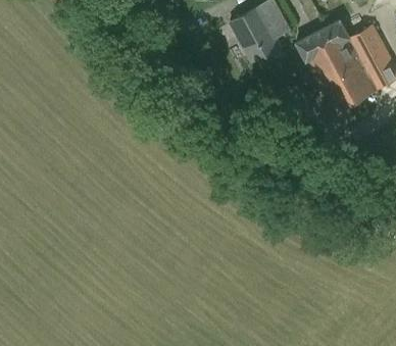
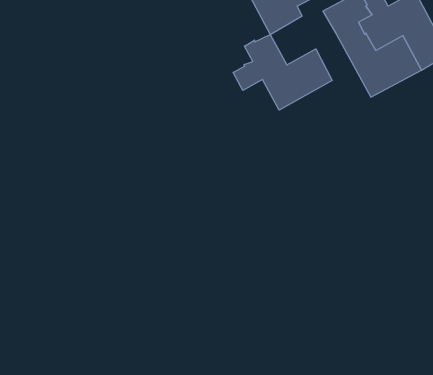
building: none -> [233,34,332,110]

